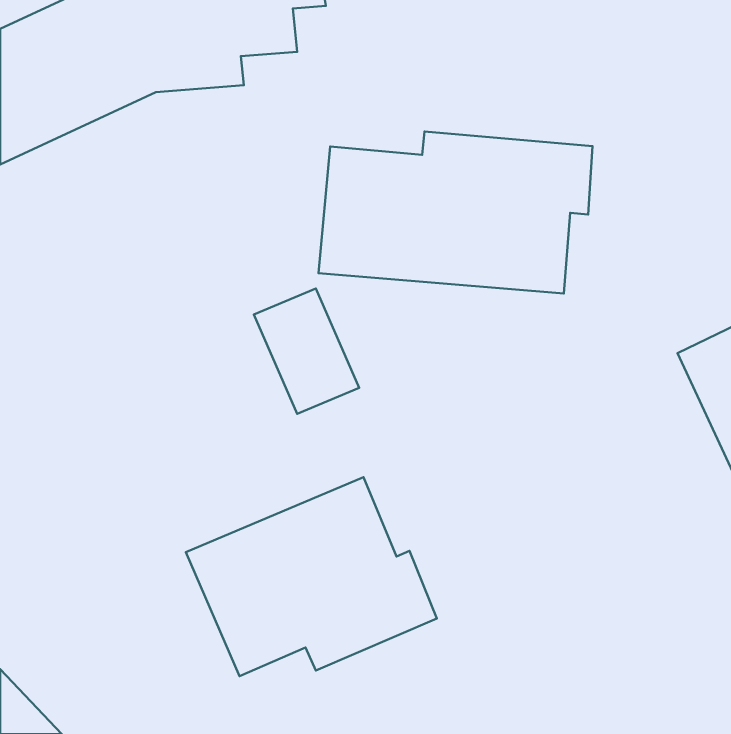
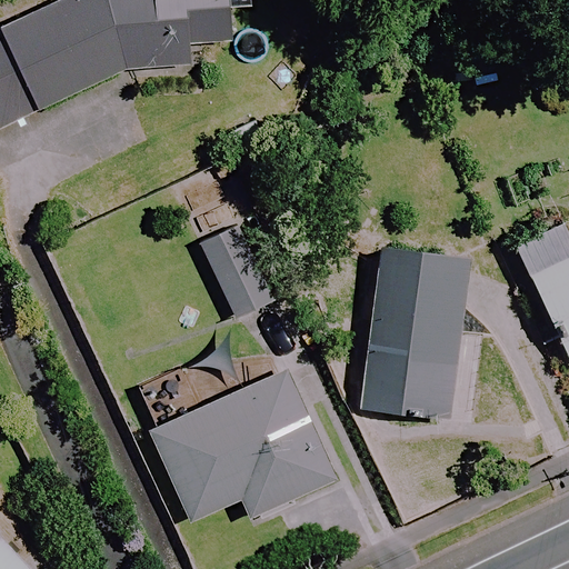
building: [318,131,592,293] -> none
building: none -> [363,247,463,415]

